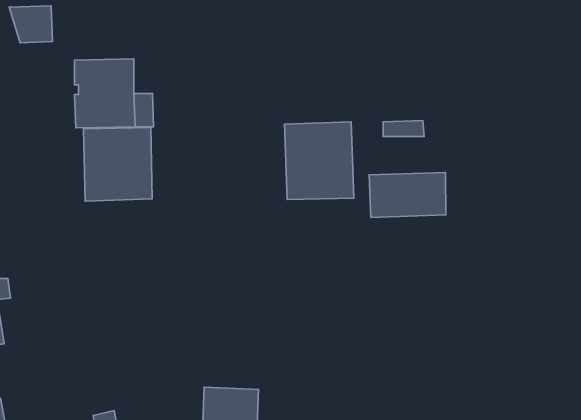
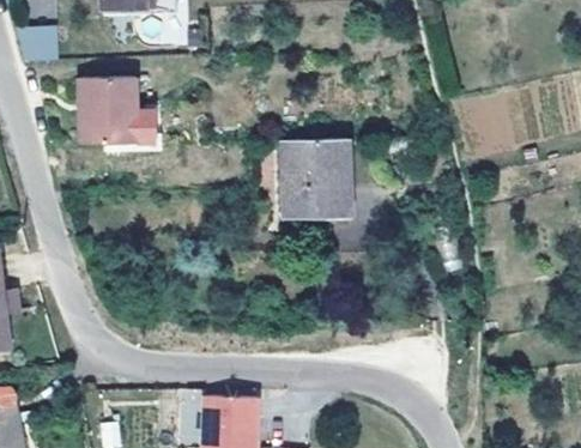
building: [84,128,152,201] -> none
building: [369,173,446,217] -> none

